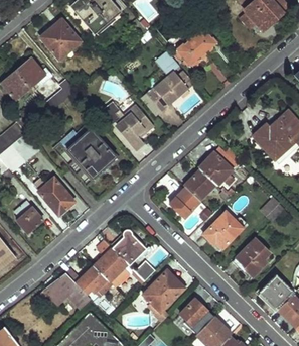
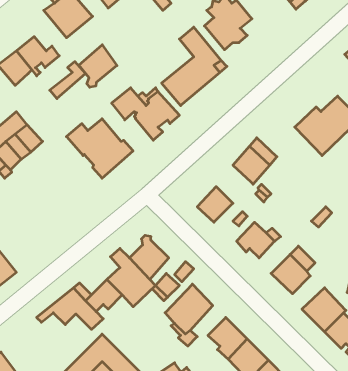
building: none -> [79,45,117,87]
building: [184,167,215,199] -> none
building: [38,177,73,214] -> none
building: [13,201,42,233] -> none

